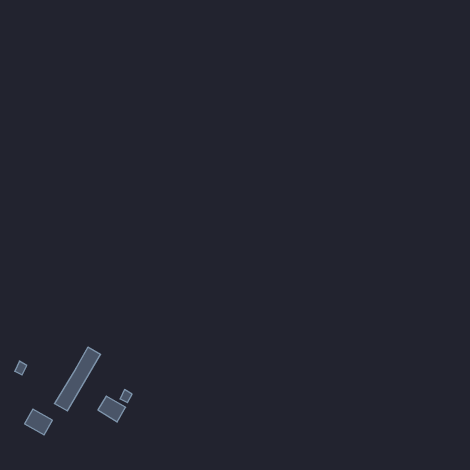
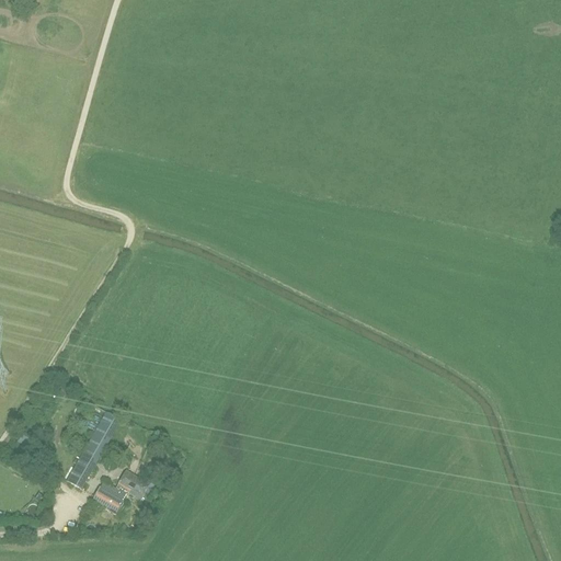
building: [25,409,52,435] -> [92,481,125,512]

